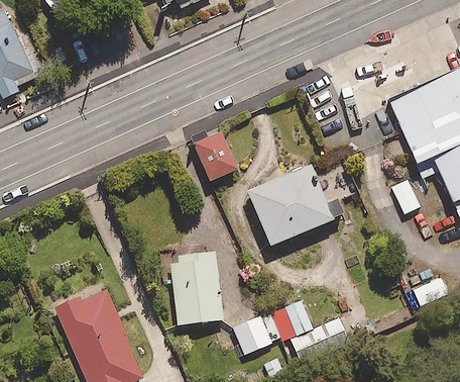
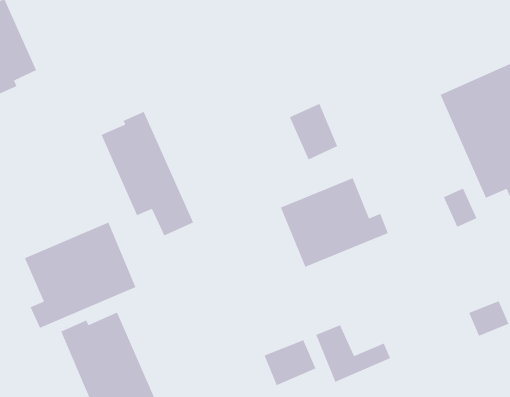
building: none -> [101,111,194,237]
building: [193,129,236,180] -> [289,103,338,160]
building: none -> [24,222,137,329]
building: [158,250,222,322] -> none

